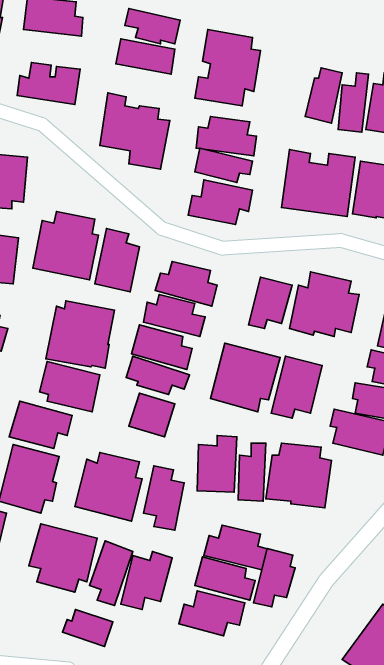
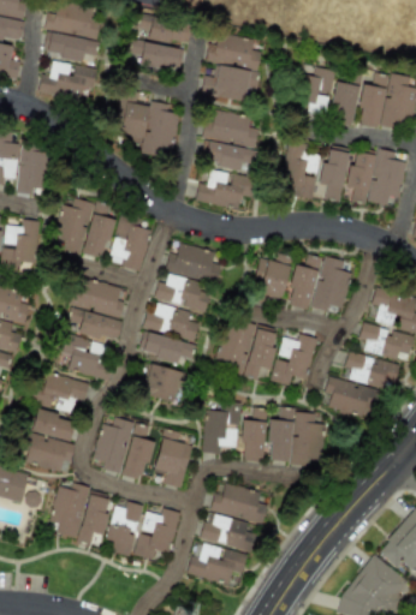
building: none -> [43,30,100,61]
building: [254,548,295,607] -> none
building: [63,609,113,647] -> none

